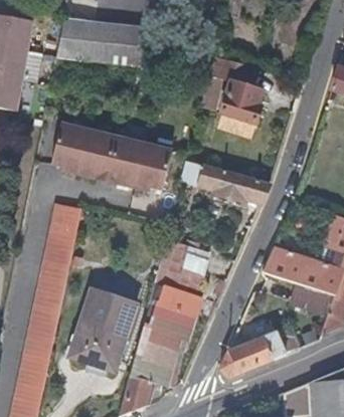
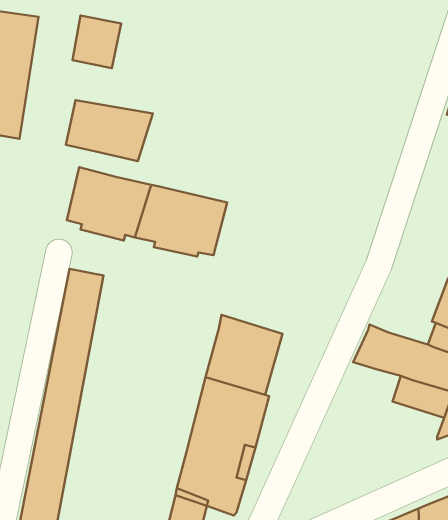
building: [83,22,148,67] -> [66,100,153,161]
building: [208,56,262,125] -> none
building: [183,157,270,203] -> none
building: [70,295,136,374] -> none
building: [221,330,294,376] -> none

